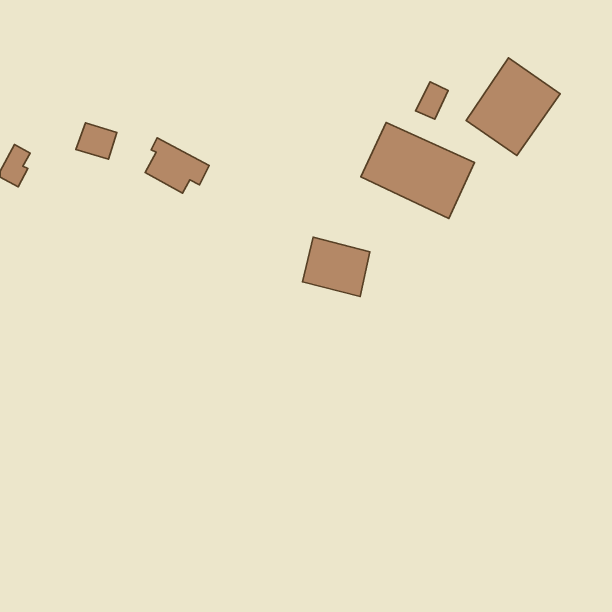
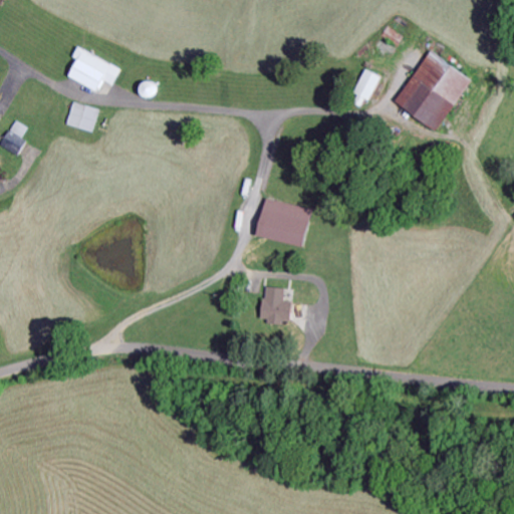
building: [361,123,474,219] -> none
building: [145,138,209,193] -> [67,46,120,92]
building: none -> [261,286,293,324]

